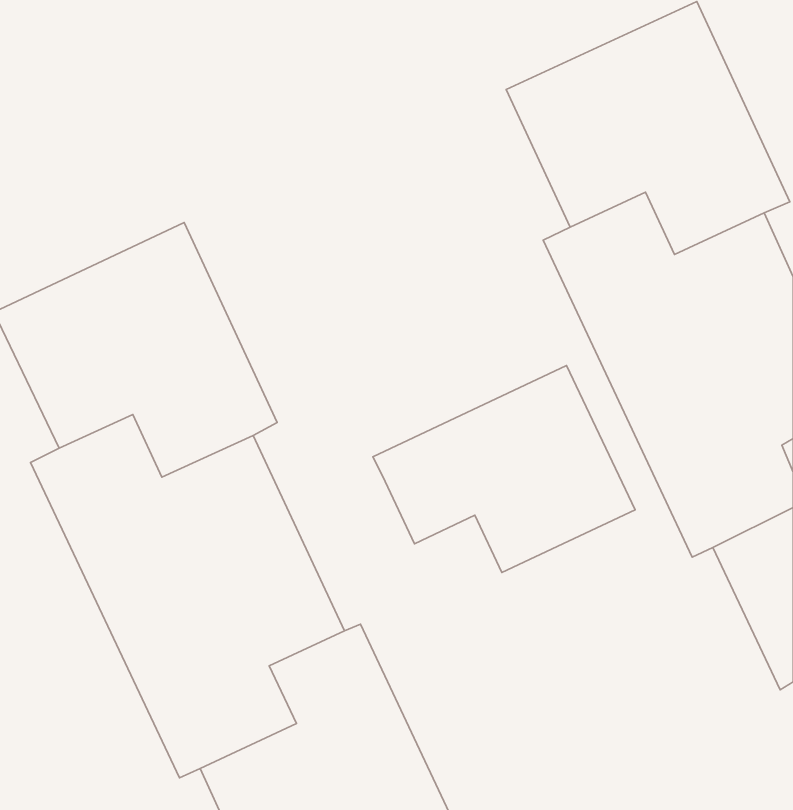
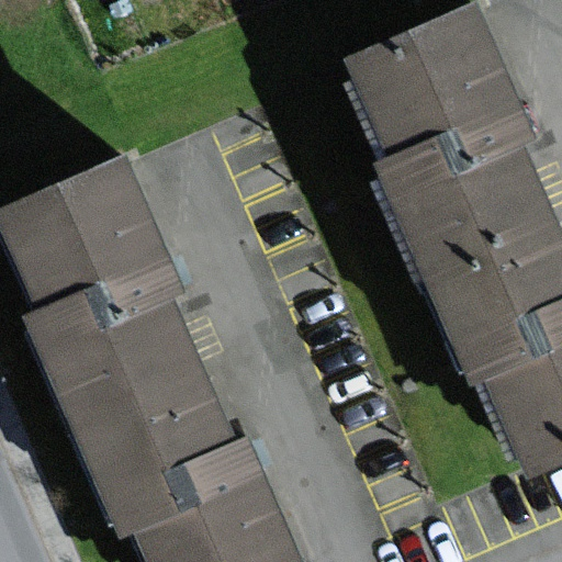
building: [373,366,635,573] -> none

